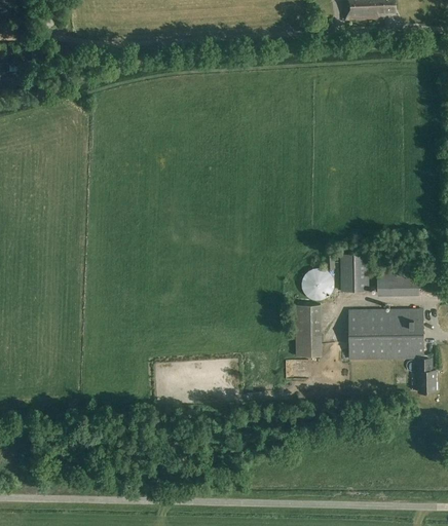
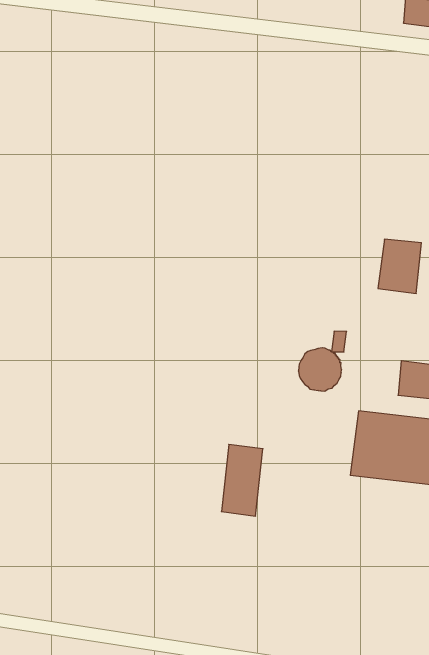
building: [339,253,368,291] -> [378,239,421,293]
building: [294,304,321,354] -> [221,444,263,516]

